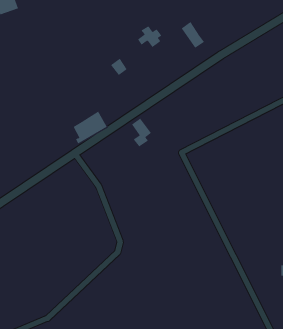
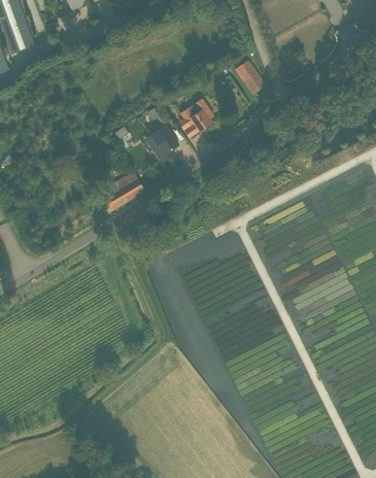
building: [137,25,162,48] -> [181,103,212,131]
building: [131,118,152,147] -> [152,126,178,162]

